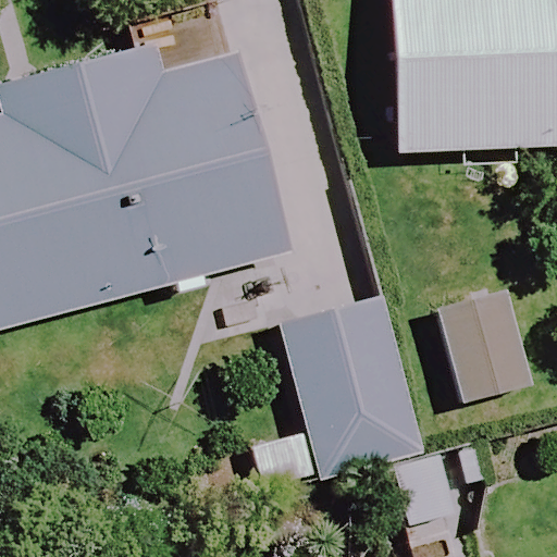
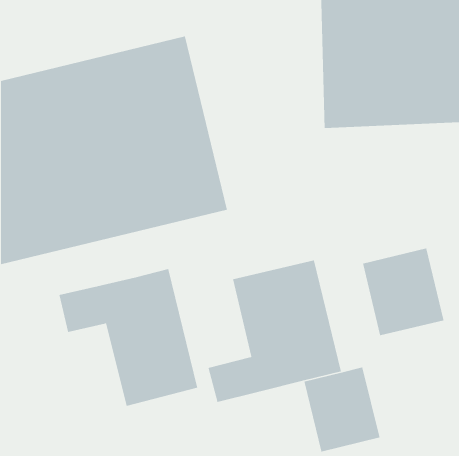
building: none -> [58,268,198,407]

